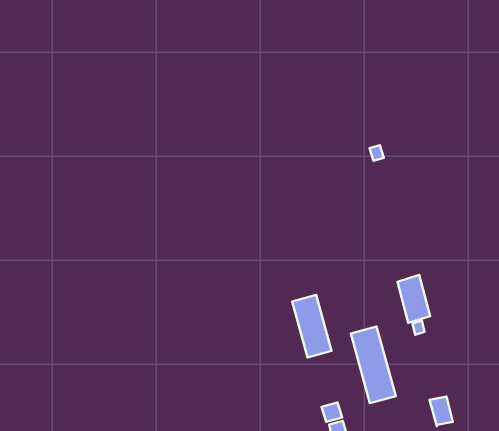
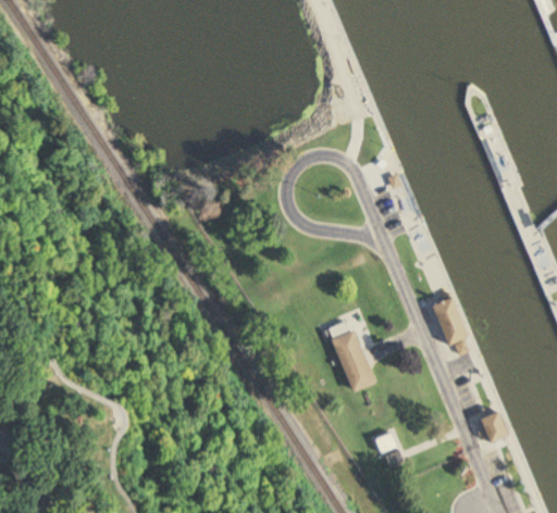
building: [351,326,396,403] -> none

